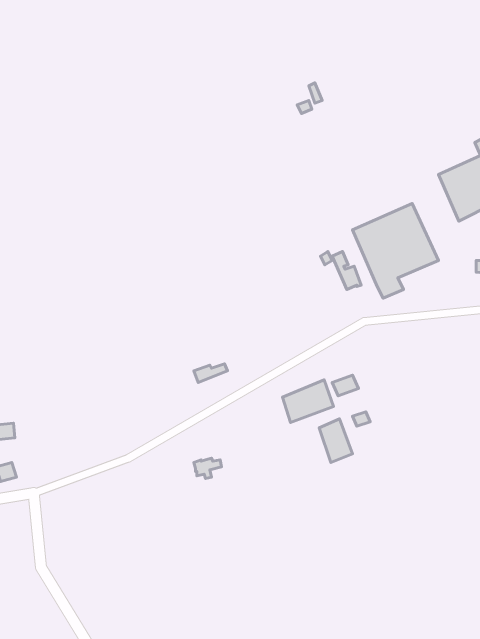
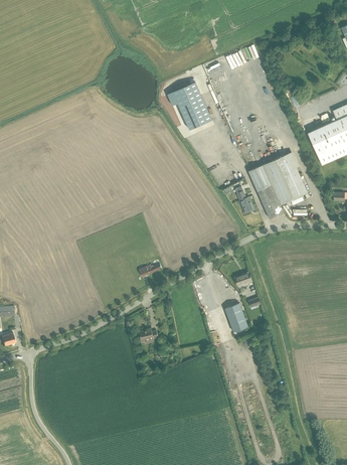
building: none -> [168,83,212,129]
building: [282,380,334,423] -> none

